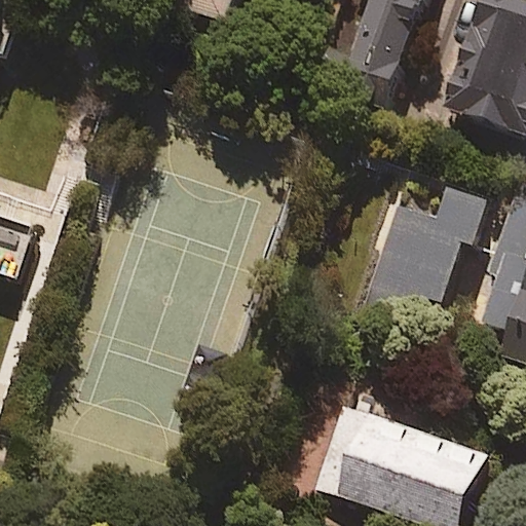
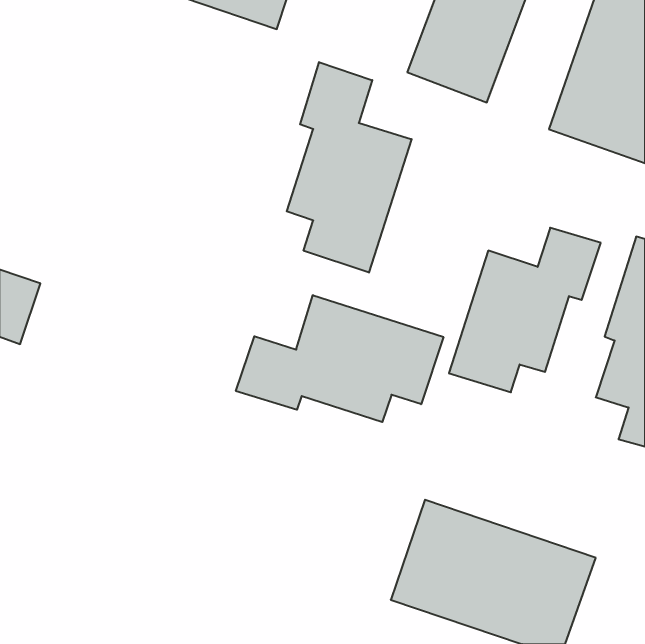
building: none -> [287,62,412,273]
building: none -> [236,295,443,422]

